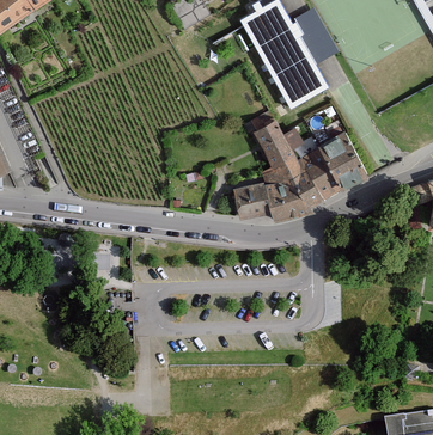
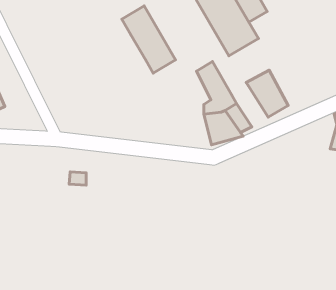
building: none -> [122,6,176,73]
building: [295,146,341,197] -> none
building: [228,182,268,218] -> none

